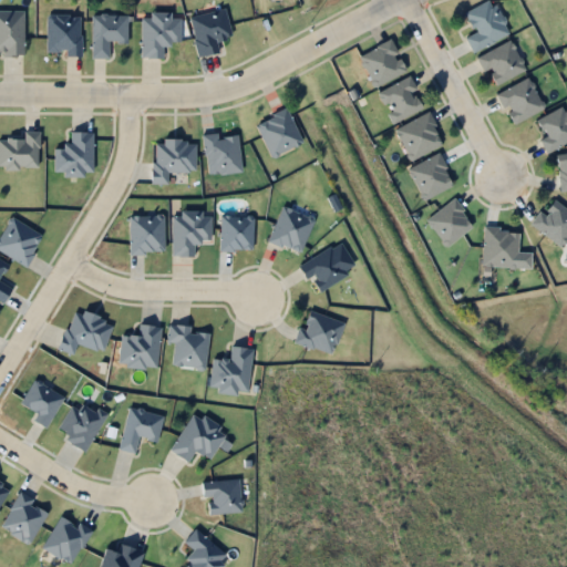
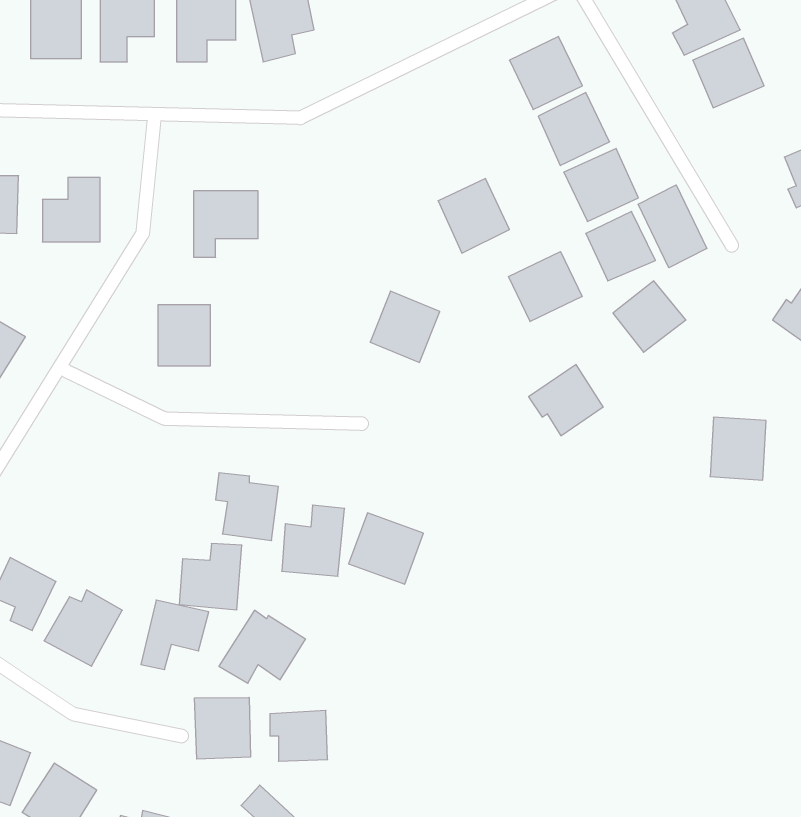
building: [498,78,545,124] -> none
building: [257,109,303,157] -> [438,179,509,253]
building: [204,133,244,176] -> none
building: none -> [638,185,707,268]
building: none -> [508,252,582,322]
building: [174,213,212,256] -> none
building: [221,215,254,249] -> none
building: [483,227,519,268] -> [710,417,766,480]
building: [300,245,349,291] -> [529,365,603,436]
building: [296,308,344,354] -> [349,513,423,584]
building: [61,309,113,354] -> none
building: [120,324,161,368] -> [179,544,242,610]
building: none -> [195,697,250,759]

